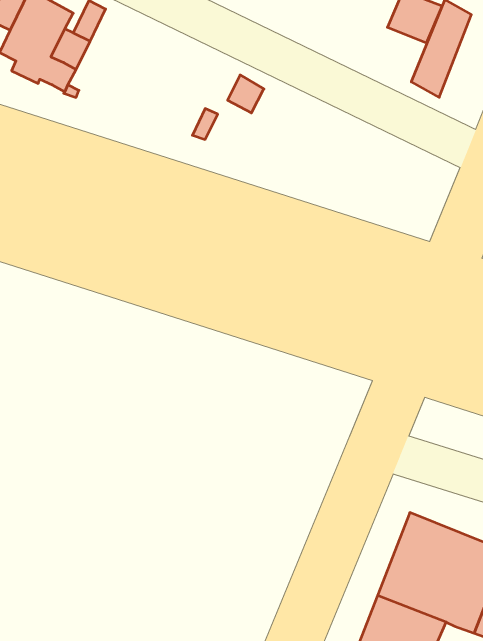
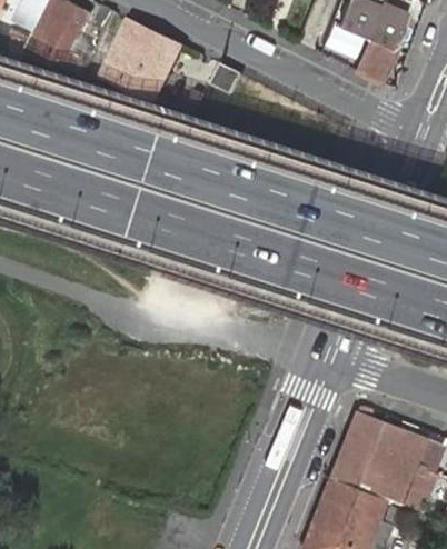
building: none -> [102,18,182,100]

